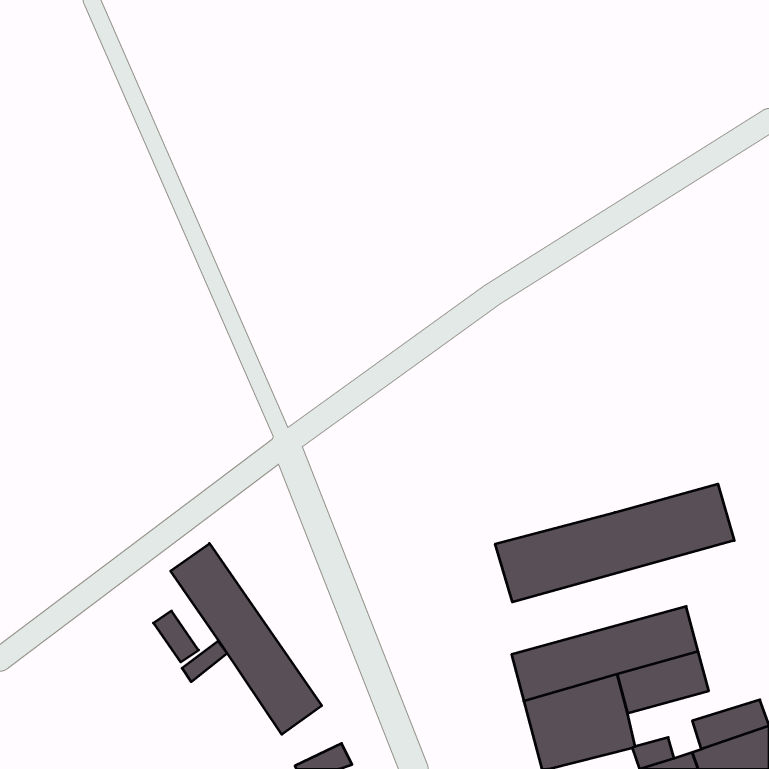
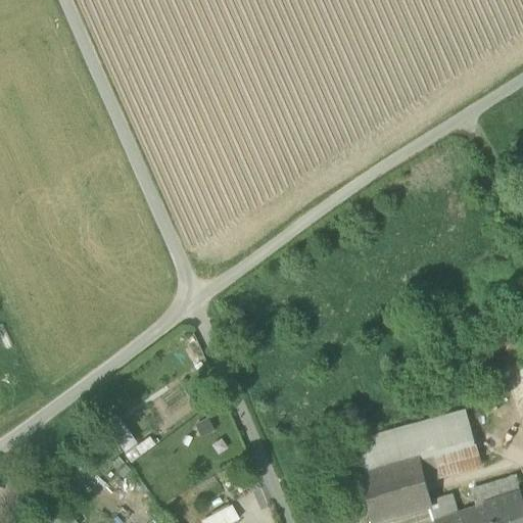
building: [495,484,734,602] -> none
building: [171,543,322,734] -> none

